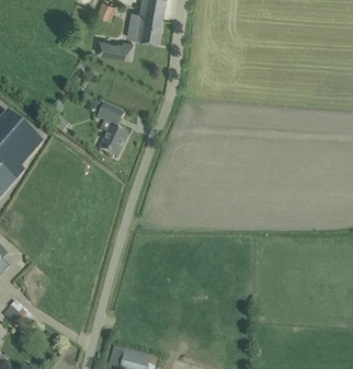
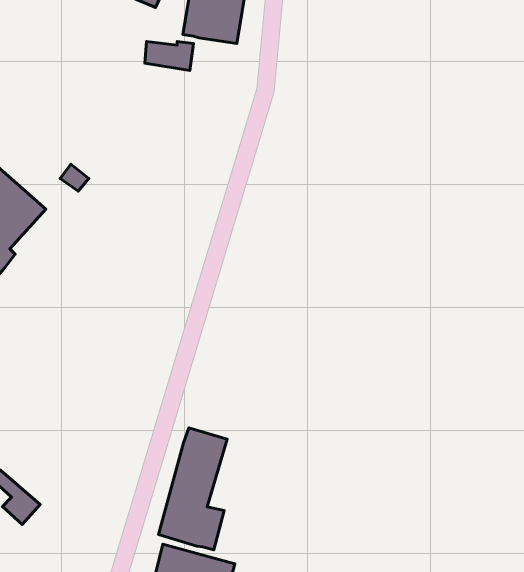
building: [96,102,127,155] -> none
building: none -> [158,428,227,550]

